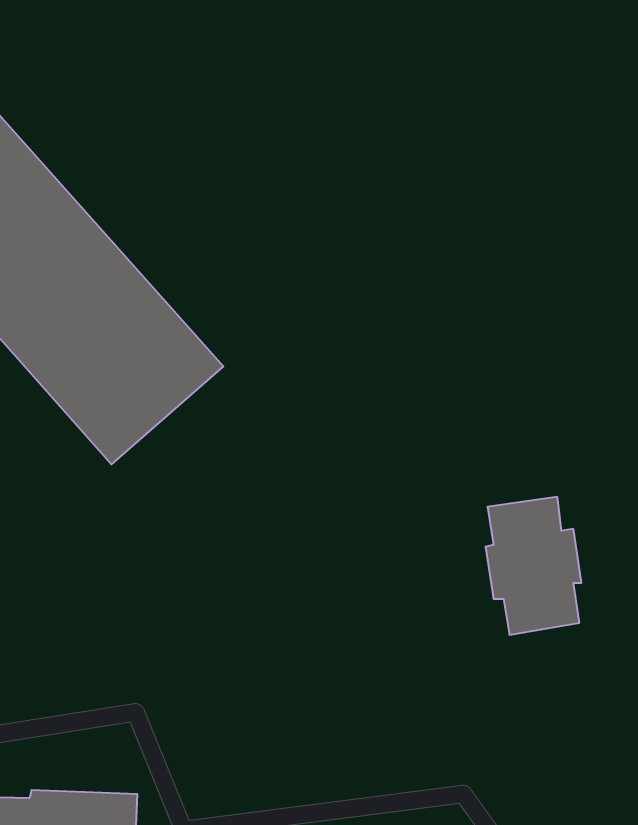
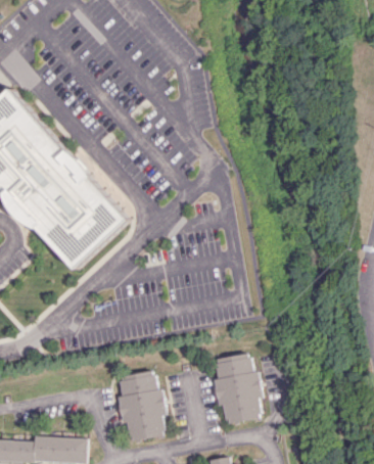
building: [485,497,581,635] -> [212,354,261,424]
building: none -> [113,371,163,442]

